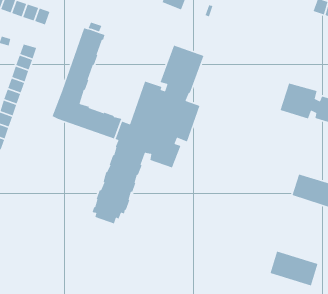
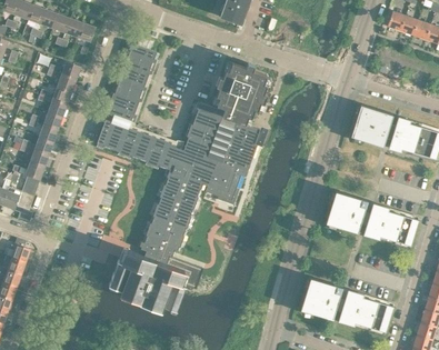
building: none -> [326,191,368,233]
building: none -> [109,250,203,311]
building: none -> [300,278,342,320]

